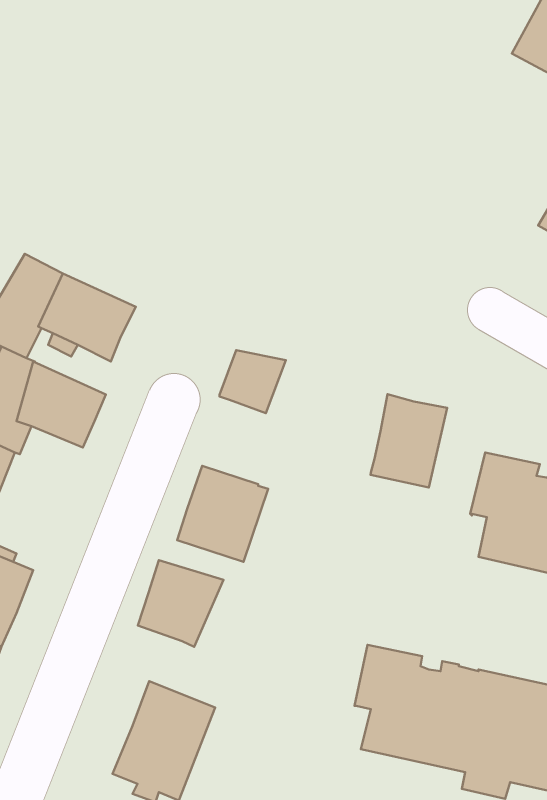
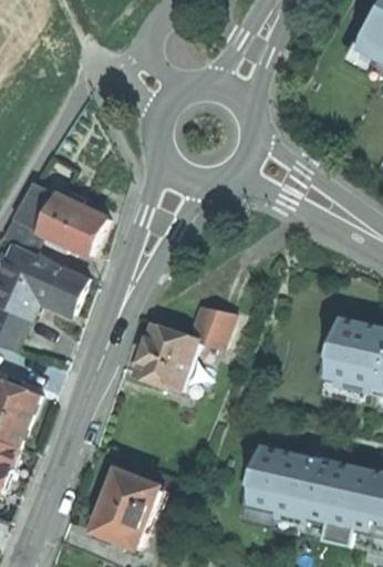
building: [219,350,286,413] -> [187,307,231,349]
building: [371,394,447,488] -> none
building: [138,560,223,647] -> none

